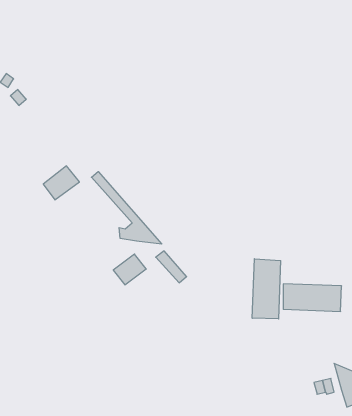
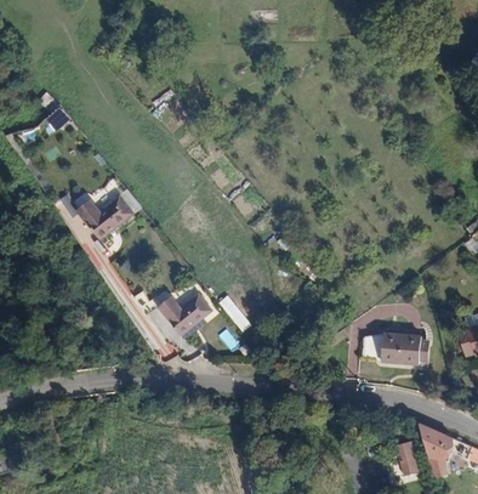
building: [91,172,162,244] -> none
building: [252,259,281,319] -> none

